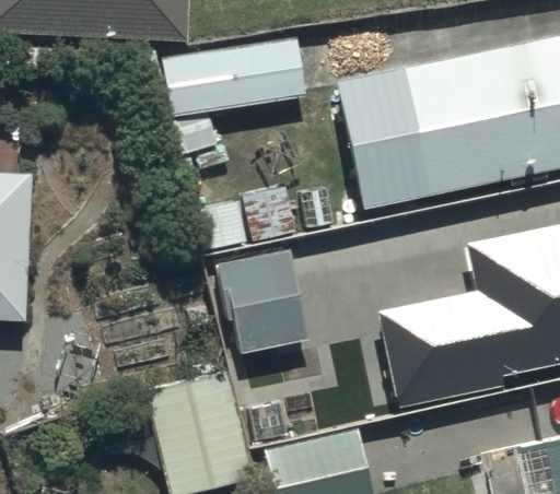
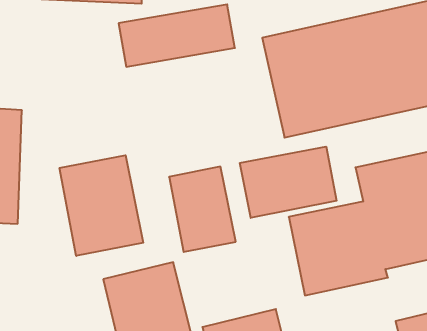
building: none -> [240,147,337,218]
building: none -> [60,155,143,256]

